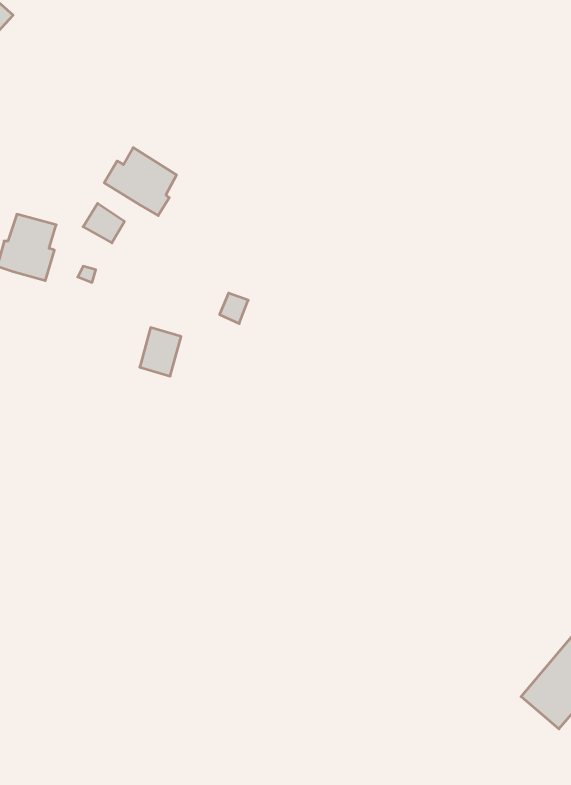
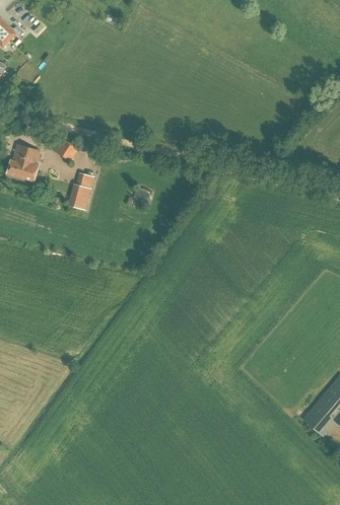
building: [104,148,176,216] -> none
building: [140,328,181,376] -> [68,183,91,210]

